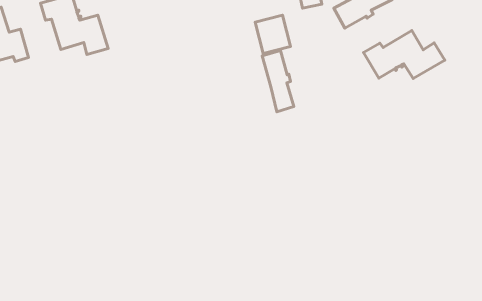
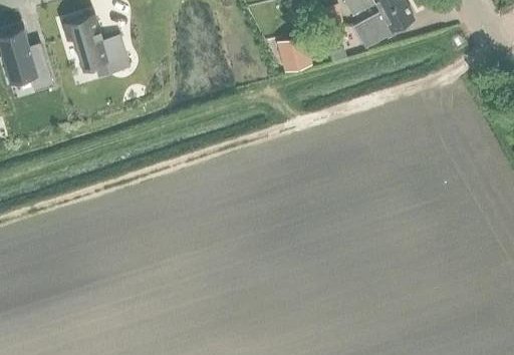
building: [364,31,445,78] -> none
building: [262,50,294,112] -> none

